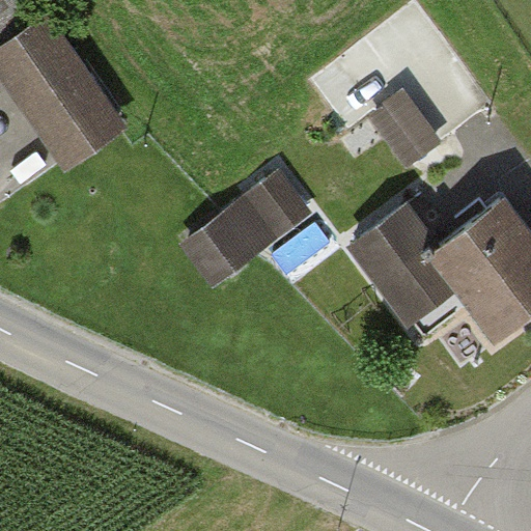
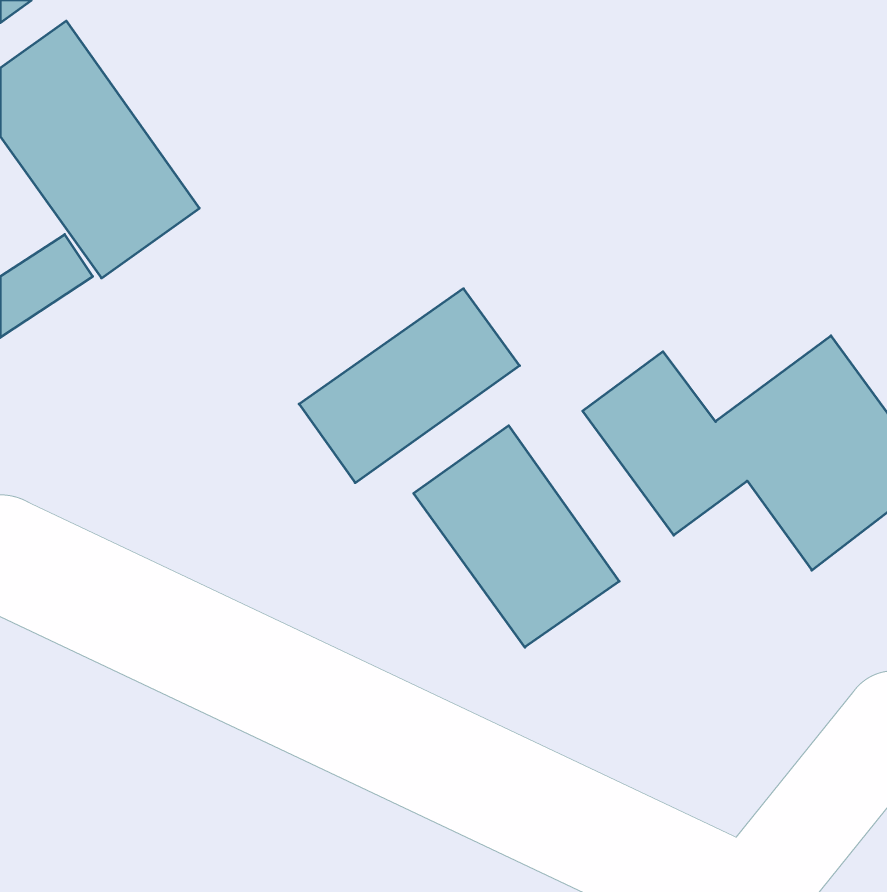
building: [371,85,455,169] -> none
building: none -> [414,426,619,647]

